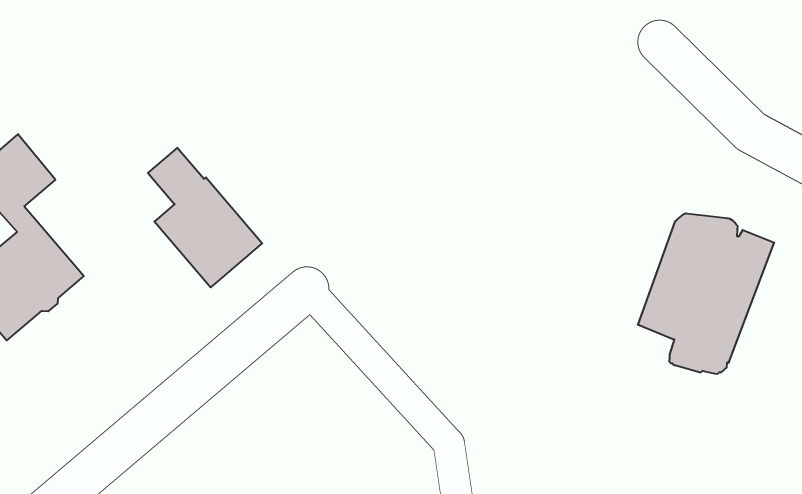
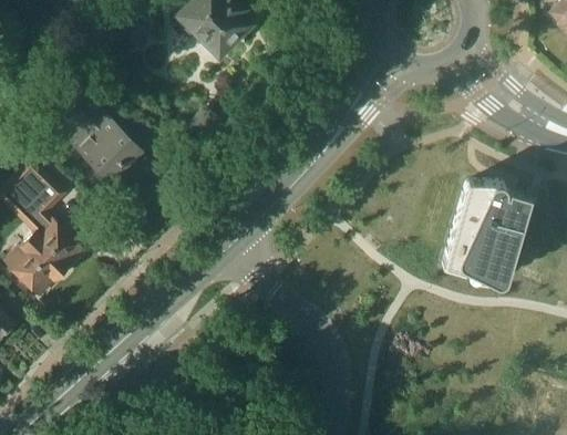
building: [148,148,262,287] -> [65,95,143,184]

